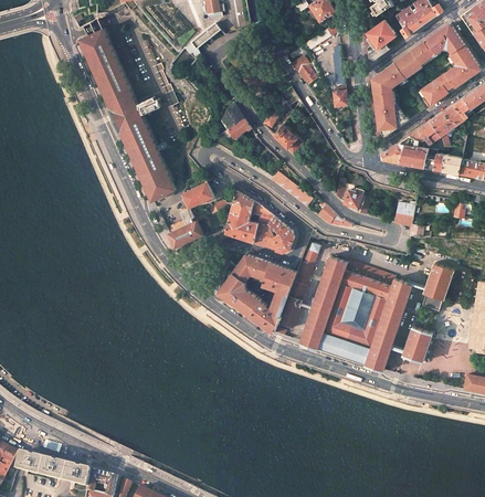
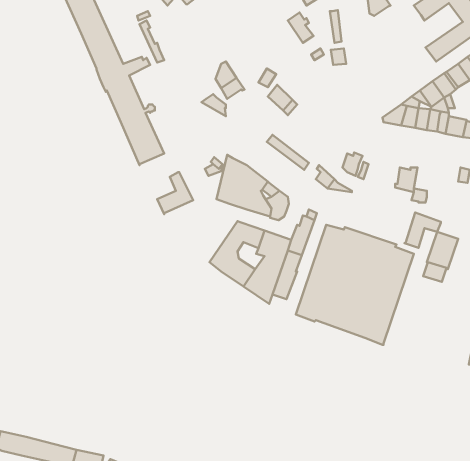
building: [371,50,432,137] -> none
building: [181,182,213,208] -> none
building: none -> [405,212,441,248]
building: [402,327,431,361] -> none

